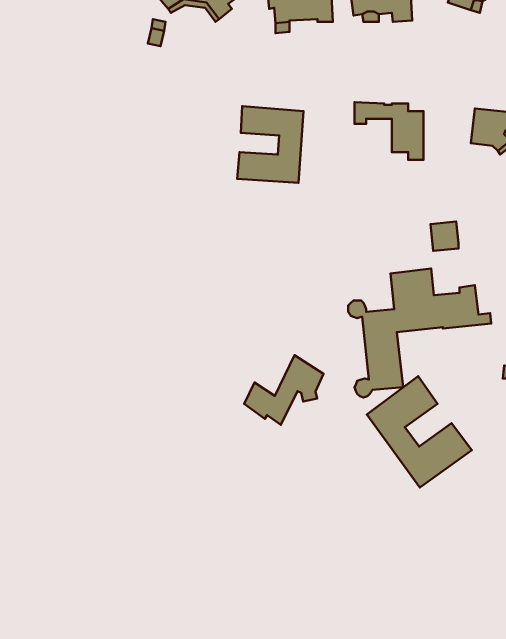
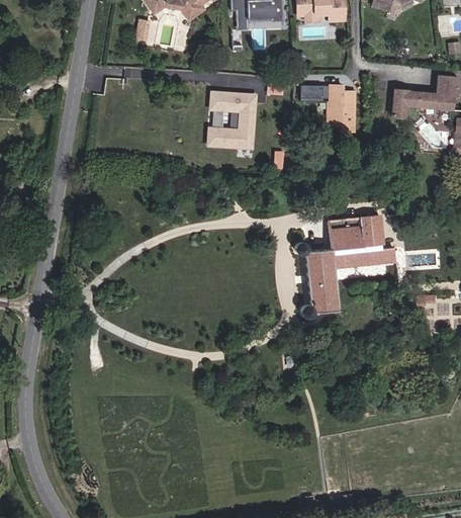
building: [431,222,459,251] -> [360,214,382,238]
building: [244,355,324,425] -> none
building: [367,376,472,487] -> none

